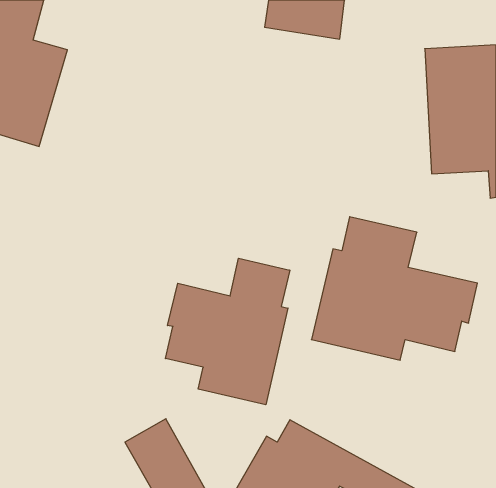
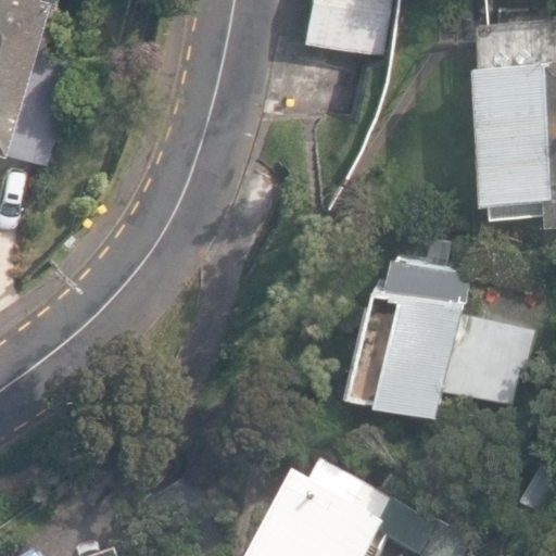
building: [165,258,290,405] -> none

